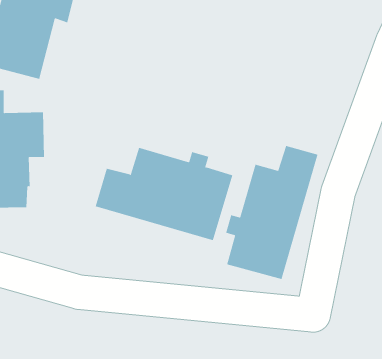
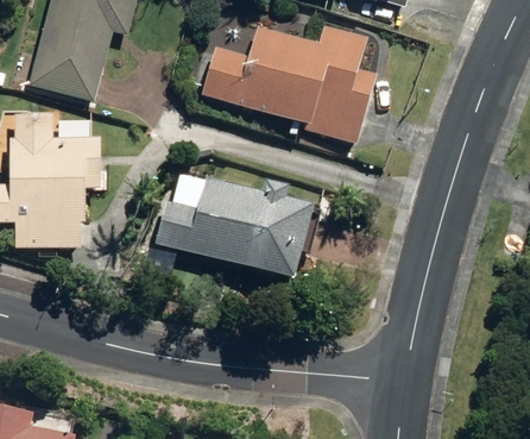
building: none -> [203,25,378,143]
building: [226,145,318,280] -> none

